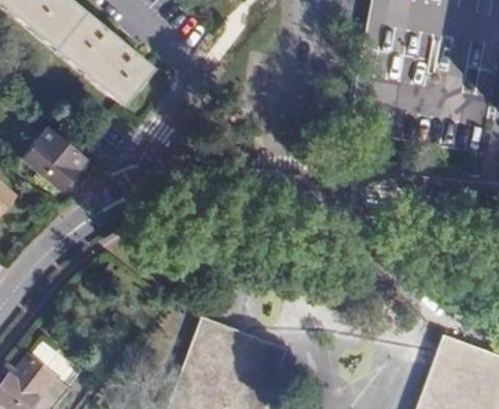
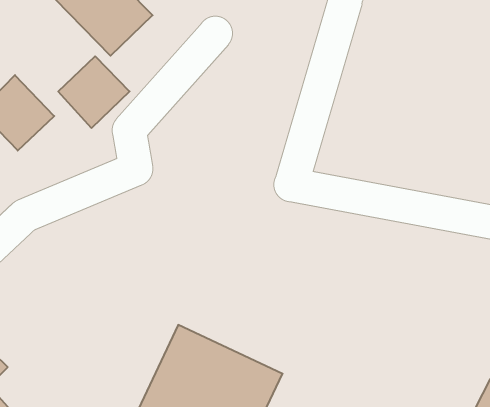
building: none -> [58,56,130,128]

